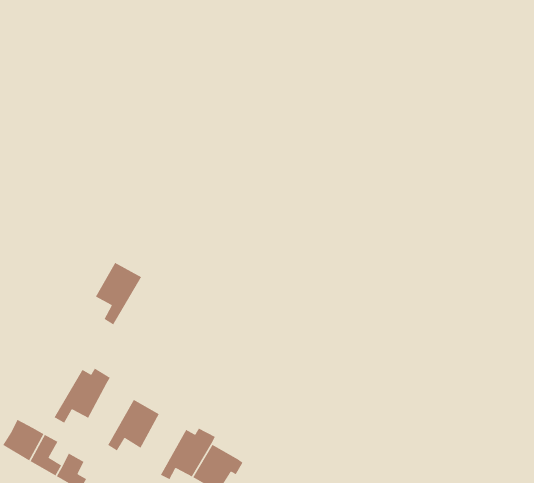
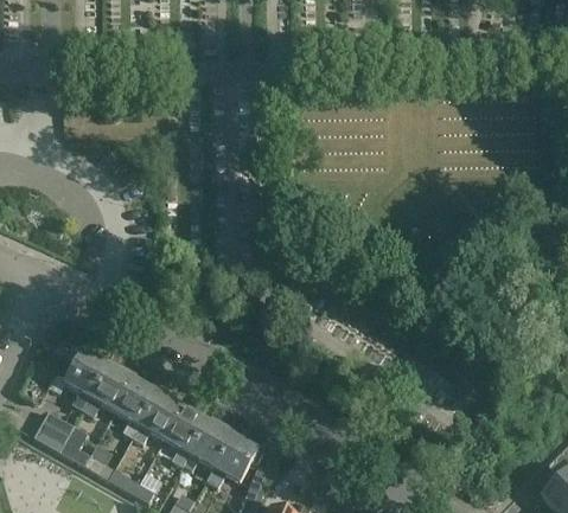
building: [95,262,142,326] -> [65,351,110,411]
building: none -> [116,379,159,440]
building: none -> [166,408,209,467]

